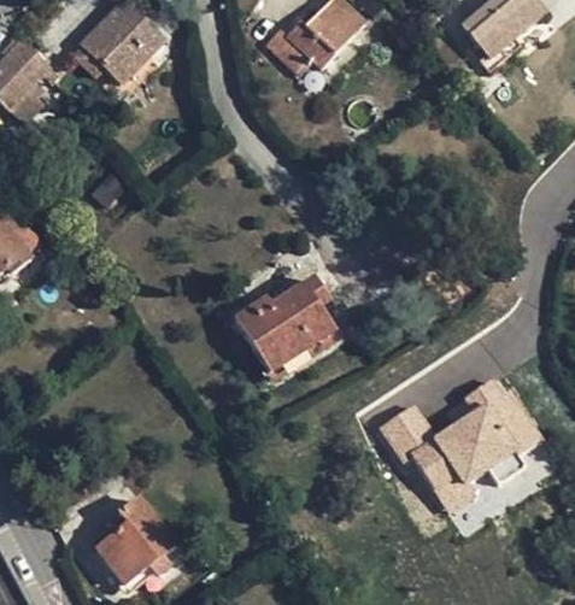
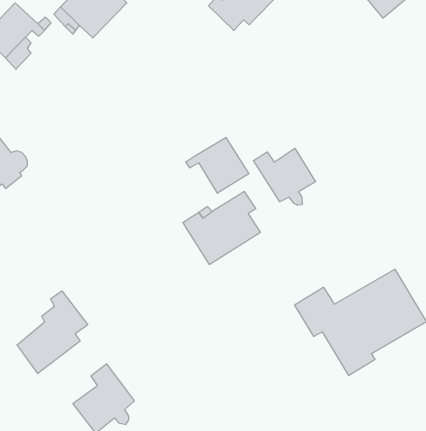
building: none -> [186,137,249,193]
building: none -> [253,148,316,205]
building: none -> [17,291,88,374]

